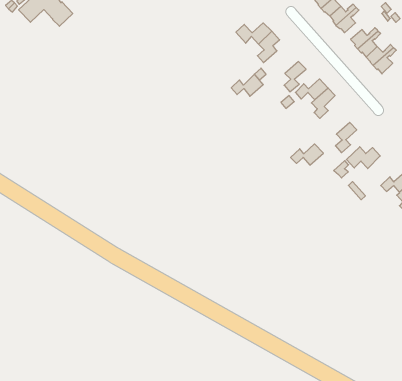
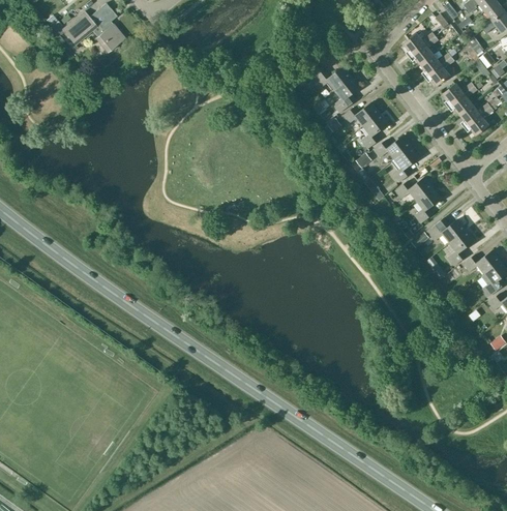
building: [231,74,263,96] -> [342,101,380,126]
building: [291,144,323,165] -> [395,177,434,201]
building: none -> [448,230,474,265]

